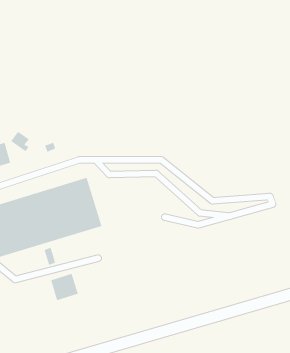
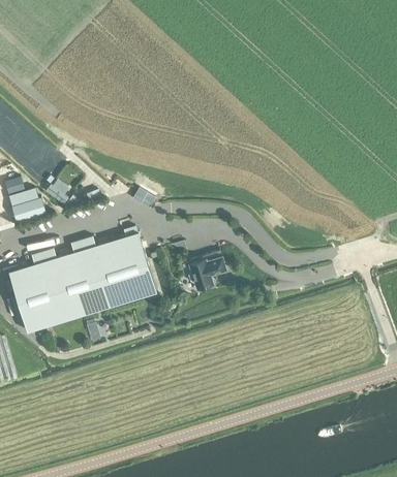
building: none -> [188,258,225,289]
building: [50,273,79,301] -> none

